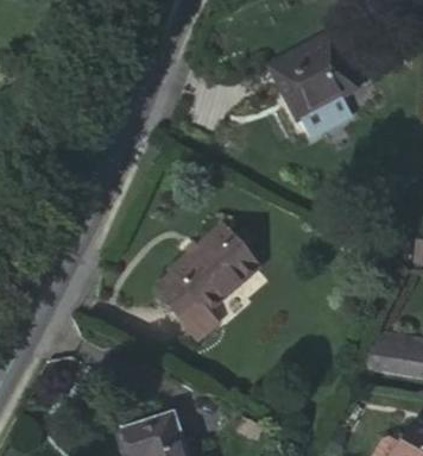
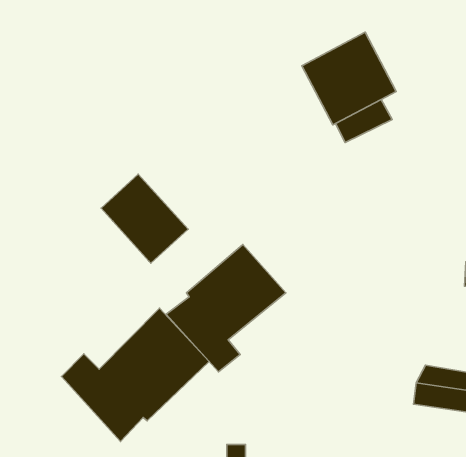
building: none -> [101,174,188,263]
building: none -> [61,308,209,442]

